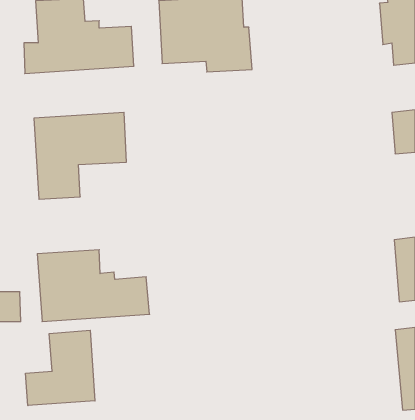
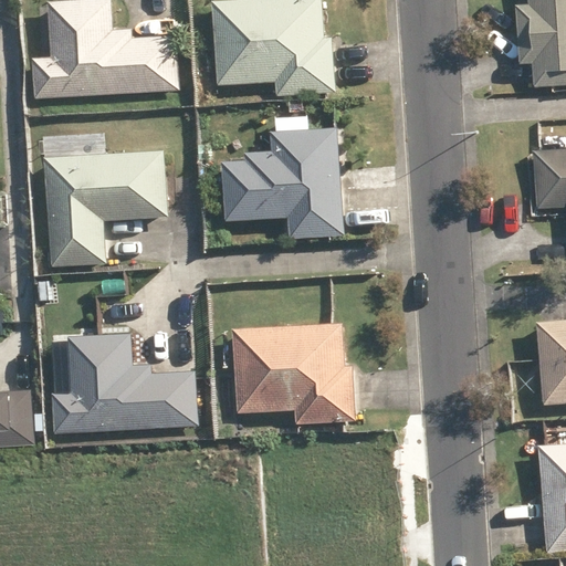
building: none -> [222,129,345,238]
building: none -> [233,323,356,423]
building: [26,330,95,406] -> none

